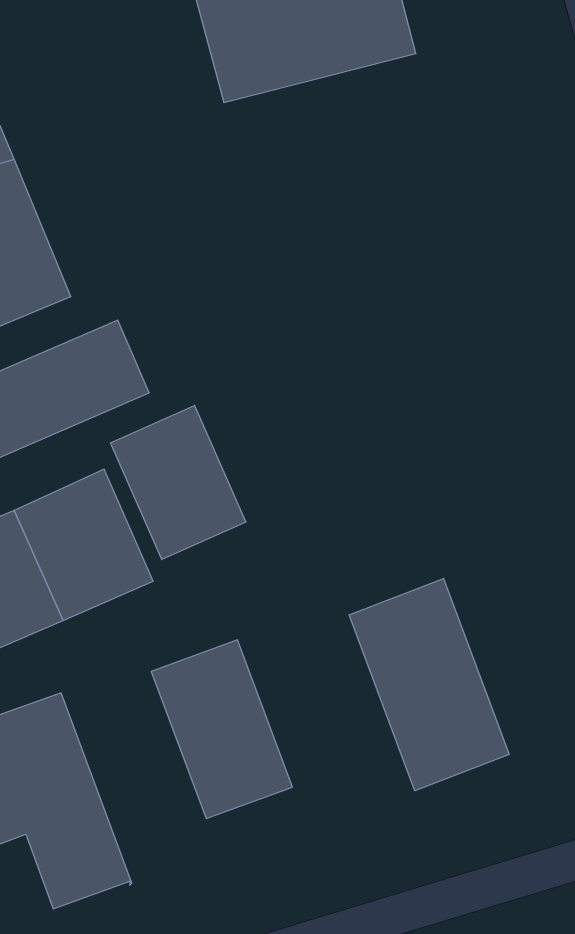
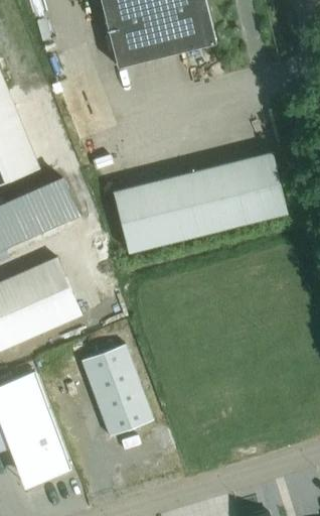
building: none -> [113,152,287,254]
building: [111,405,246,560] -> none
building: [349,578,509,791] -> none

